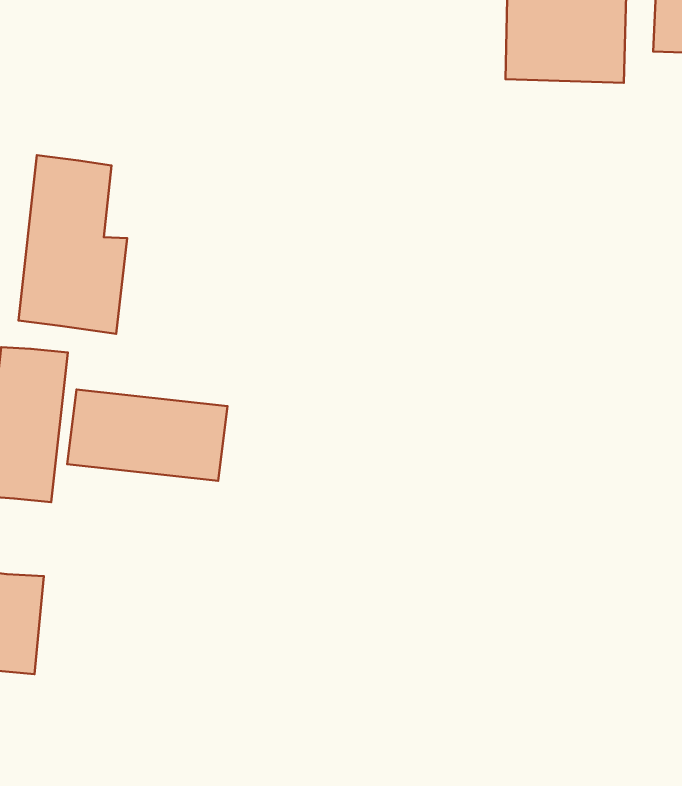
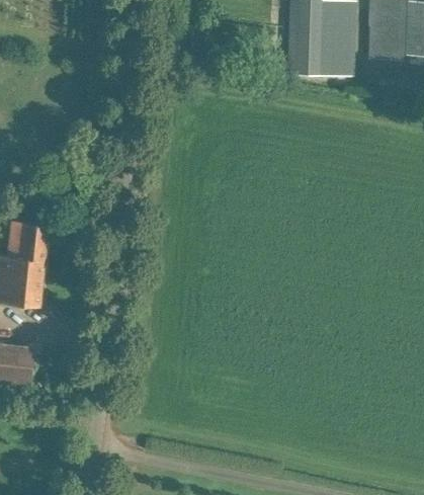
building: [19,155,127,334] -> none
building: [67,389,228,481] -> none

